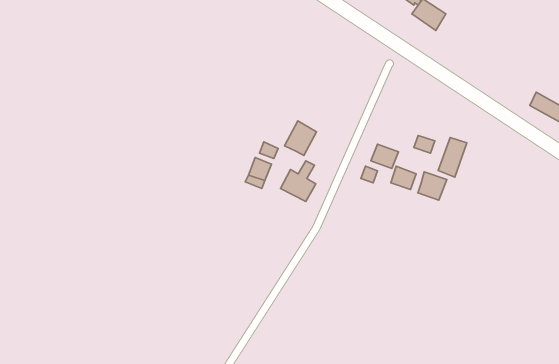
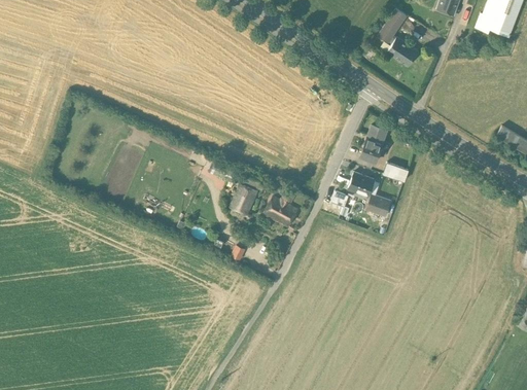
building: [285,121,317,156] -> none
building: [438,137,467,177] -> [359,126,386,163]
building: [418,172,447,200] -> none

